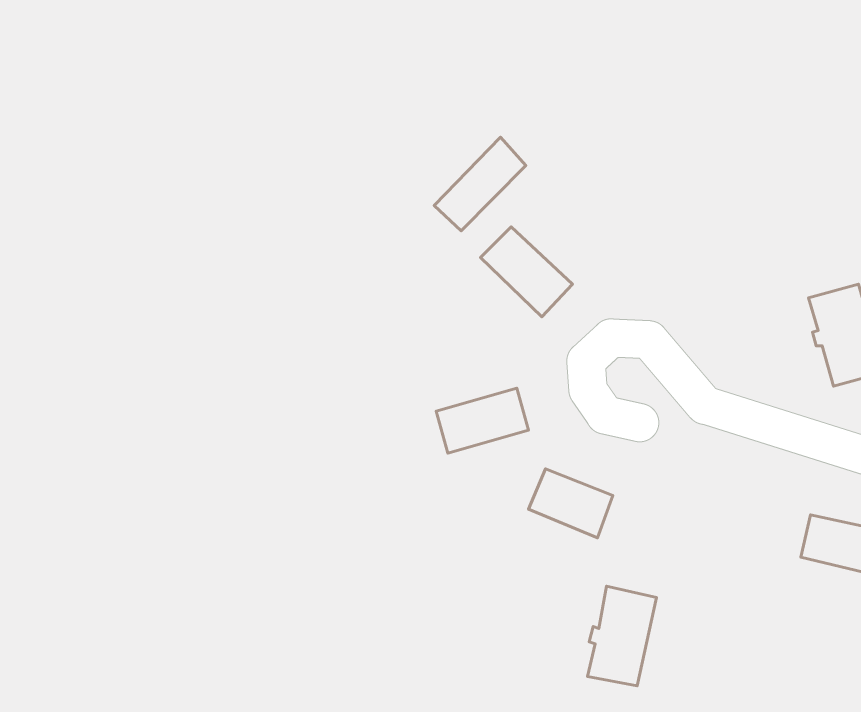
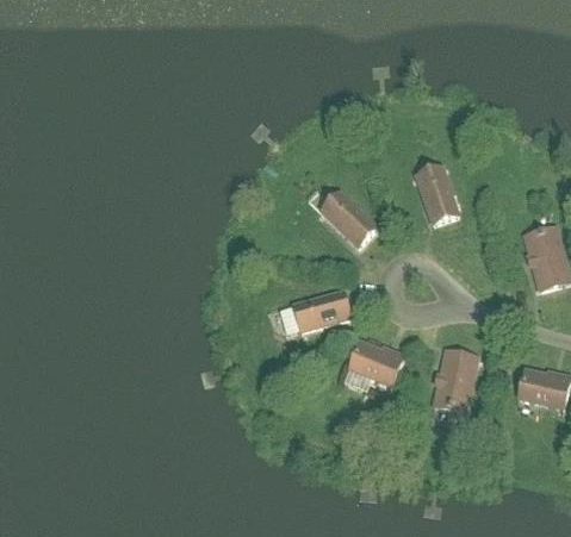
building: [434,137,526,231] -> none
building: none -> [415,166,458,224]
building: [587,586,656,686] -> [433,349,476,411]

